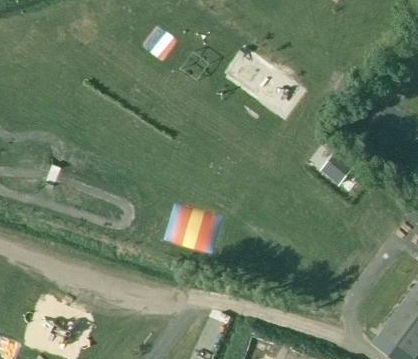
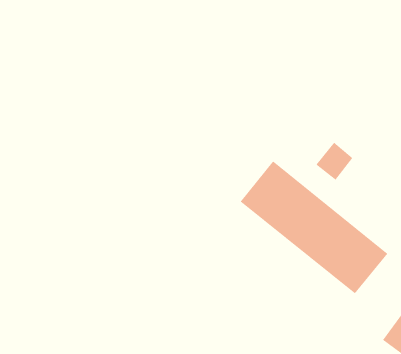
building: none -> [240,160,388,294]

